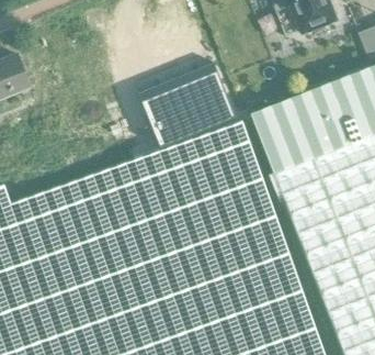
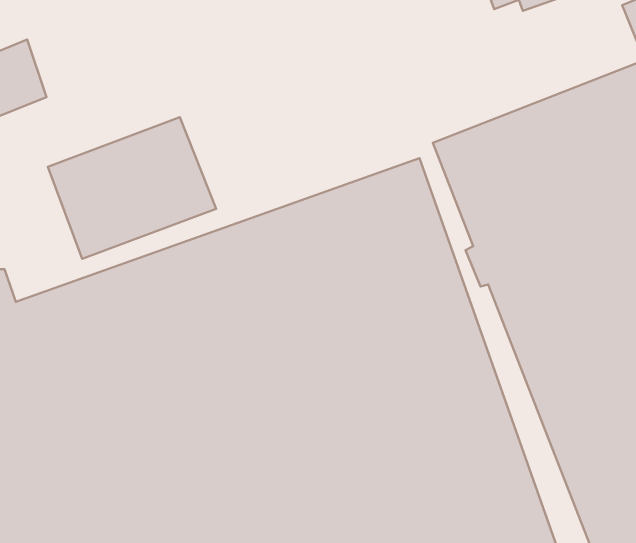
building: [140,64,237,145] -> [48,117,216,259]

